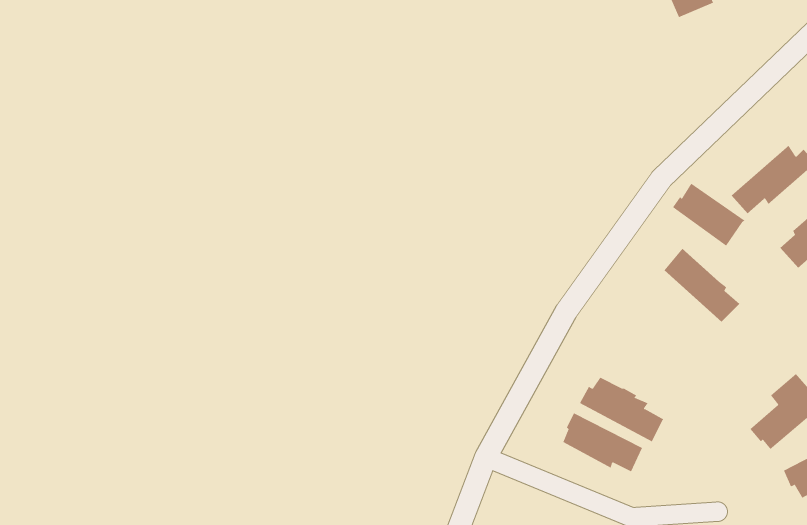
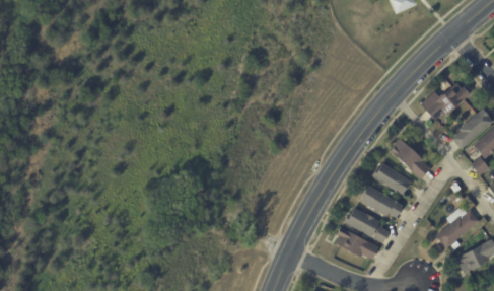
building: [672,183,745,247] -> [373,162,413,197]
building: none -> [360,184,404,218]

